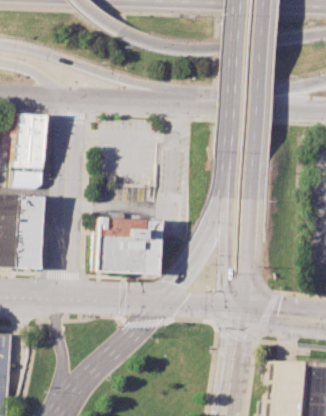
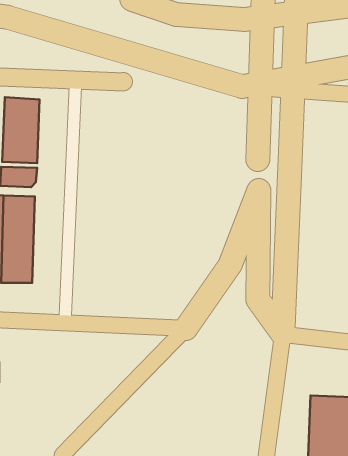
building: [95,216,160,274] -> none

